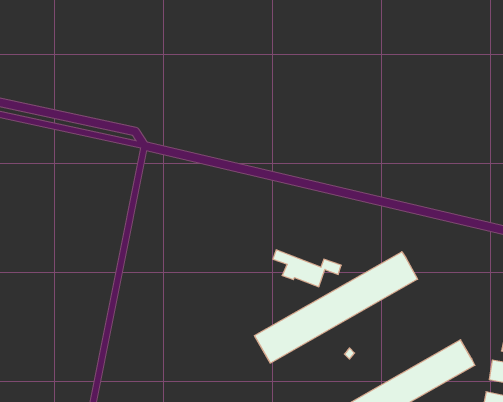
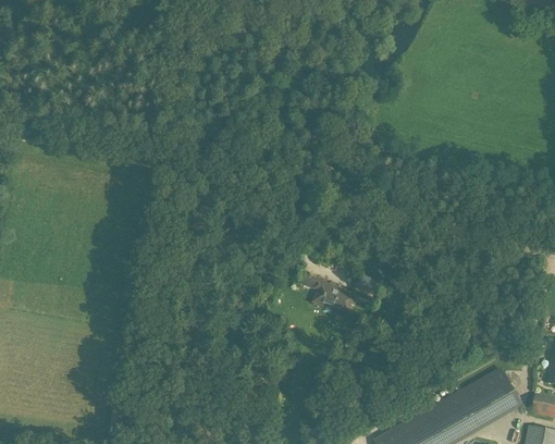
building: [254,252,418,363] -> none

